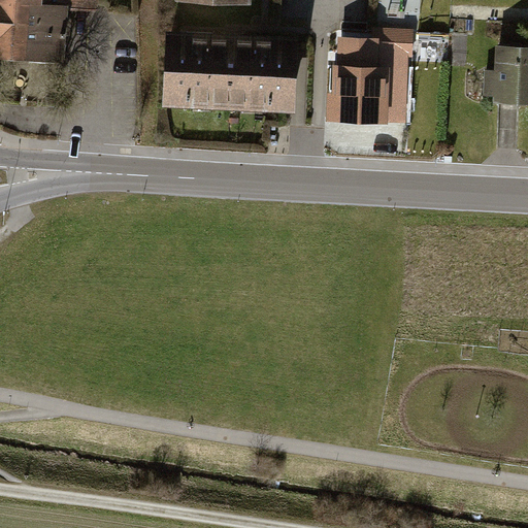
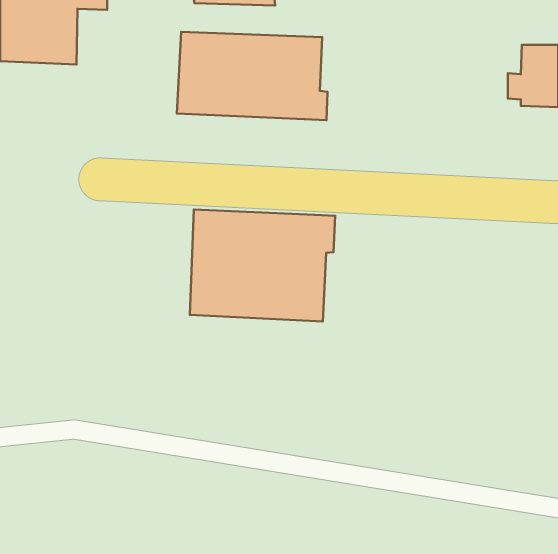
building: [334,24,418,124] -> none
building: none -> [190,209,335,322]

